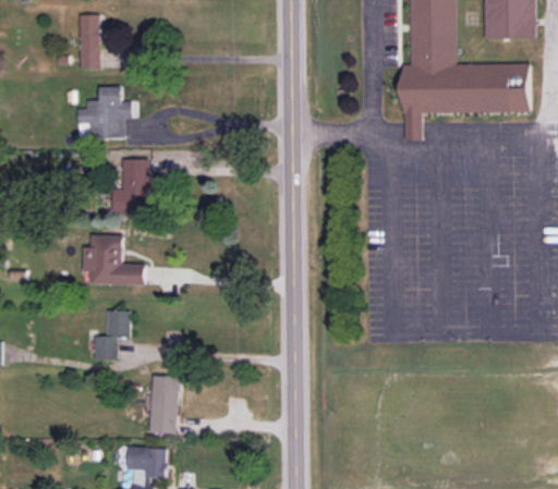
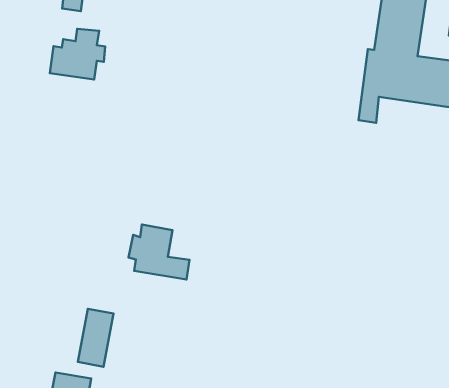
building: [111,159,151,211] -> none
building: [82,234,145,284] -> [129,225,189,280]
building: [94,310,129,359] -> none

